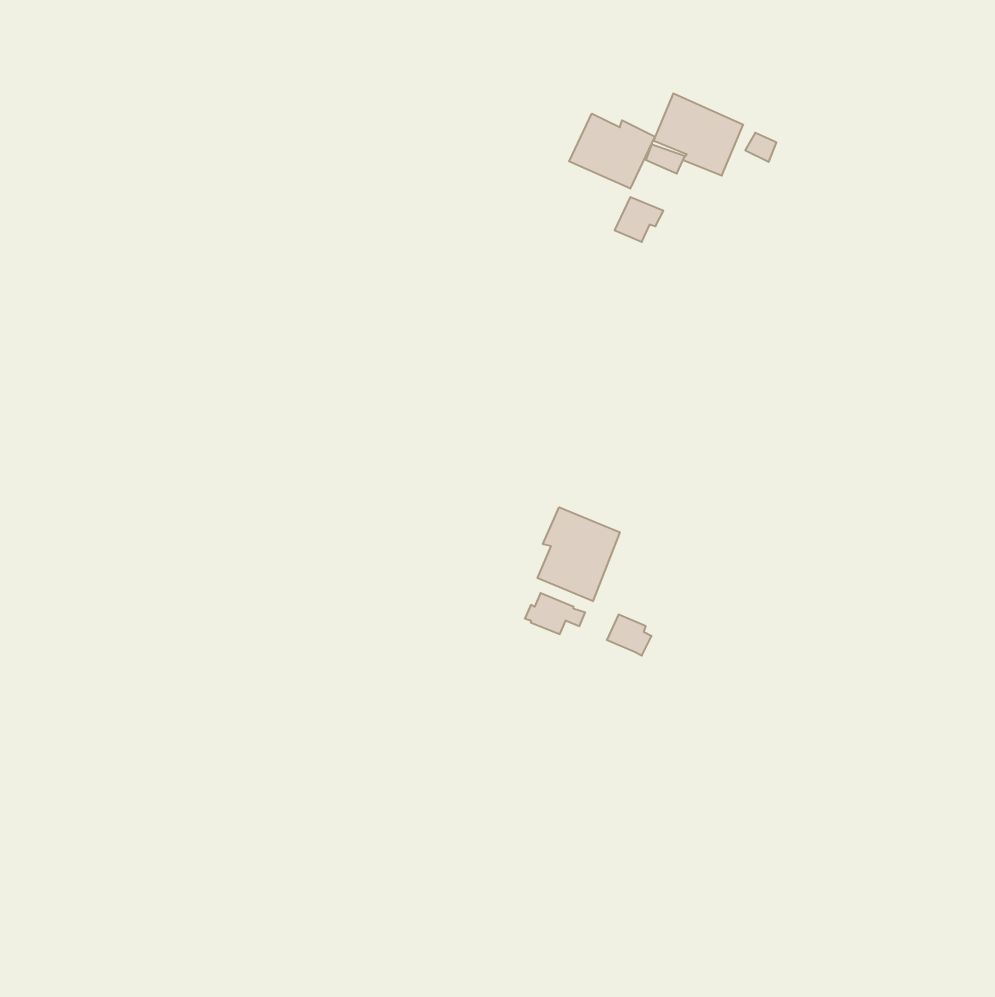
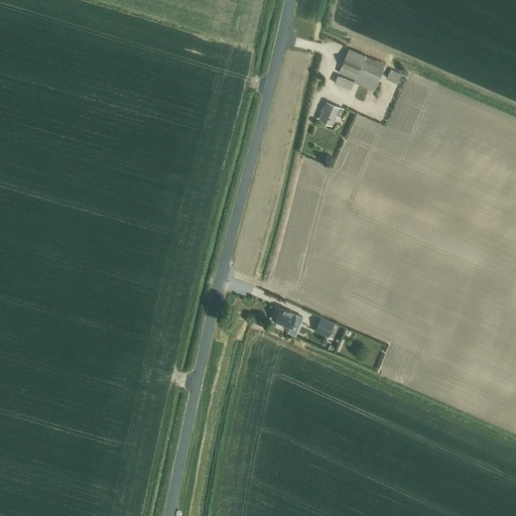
building: [569,114,655,189] -> none
building: [537,507,620,601] -> none

